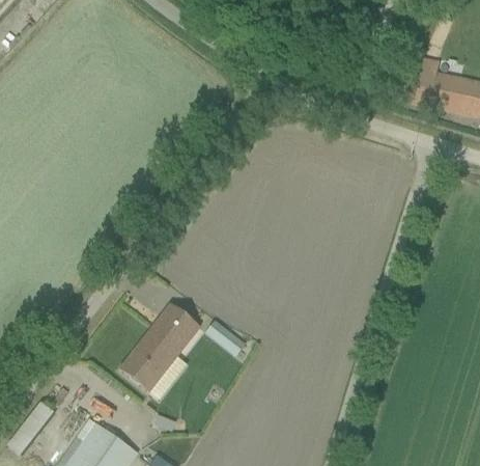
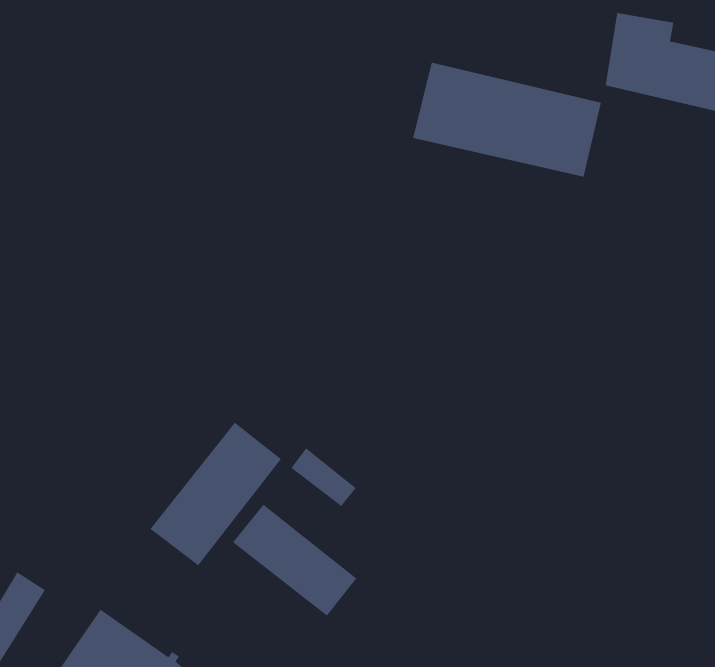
building: none -> [412,62,601,178]
building: none -> [232,504,357,616]

